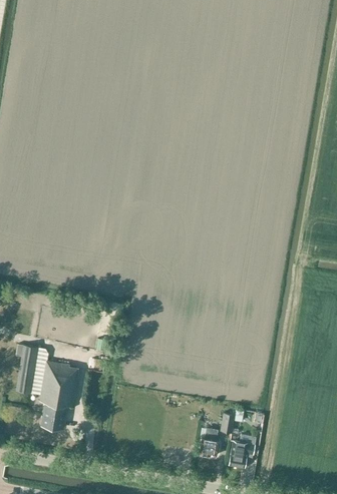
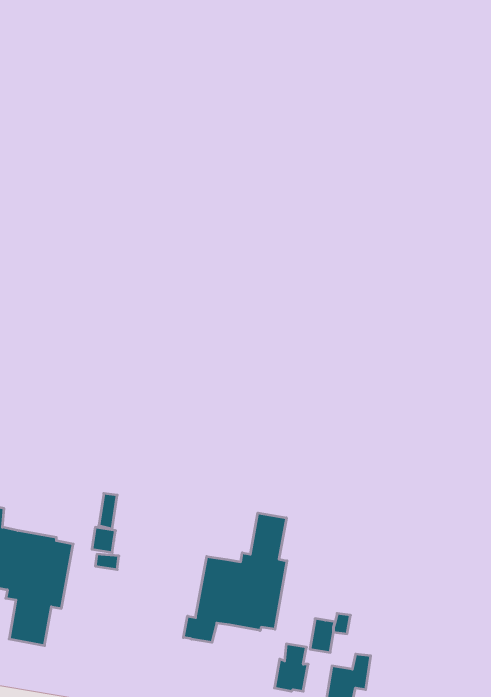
building: none -> [183,513,287,642]

